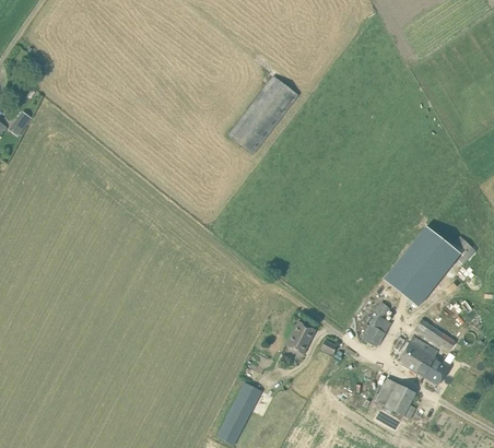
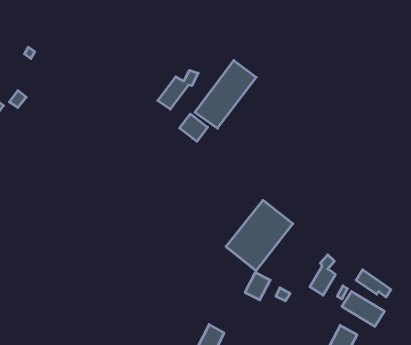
building: none -> [158,70,198,109]
building: none -> [180,114,208,141]
building: [383,225,460,307] -> [226,200,293,271]

